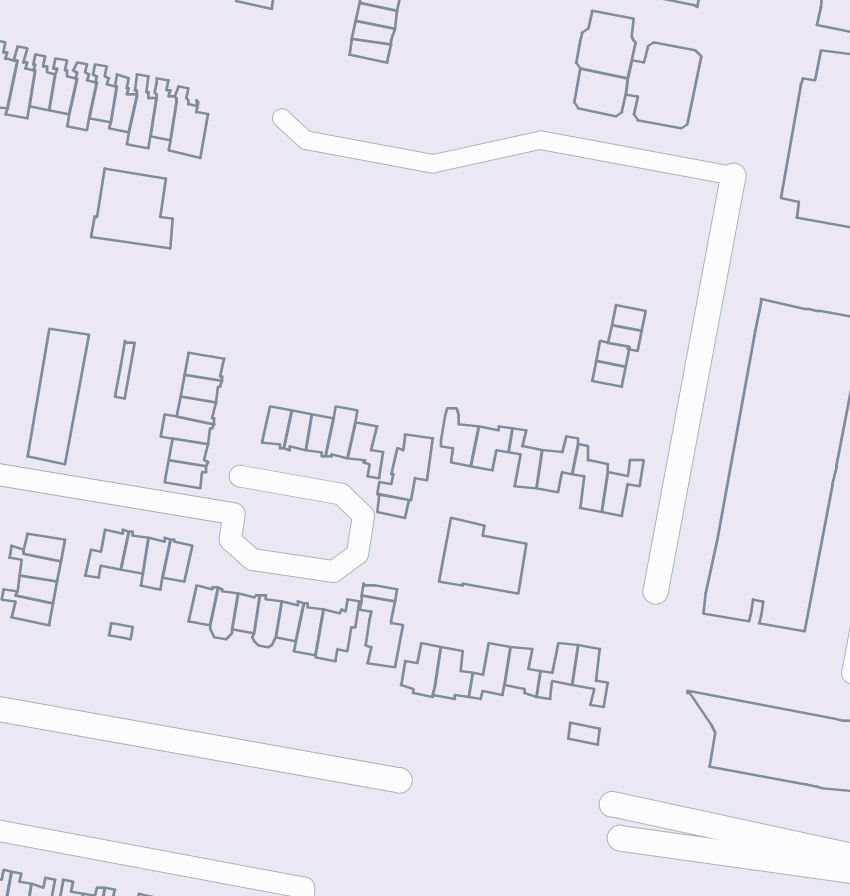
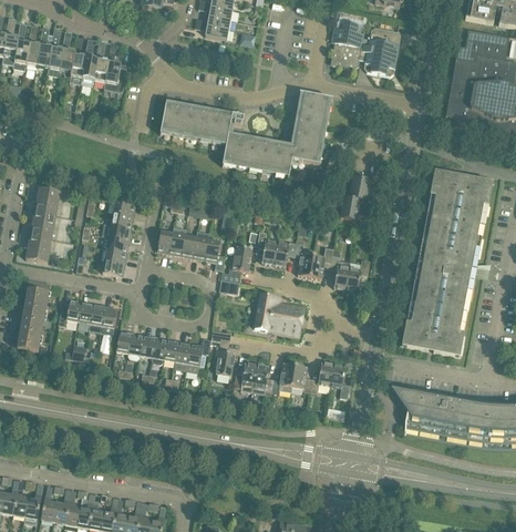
building: none -> [161,91,328,172]
building: [91,168,172,249] -> none
building: none -> [24,277,50,303]

